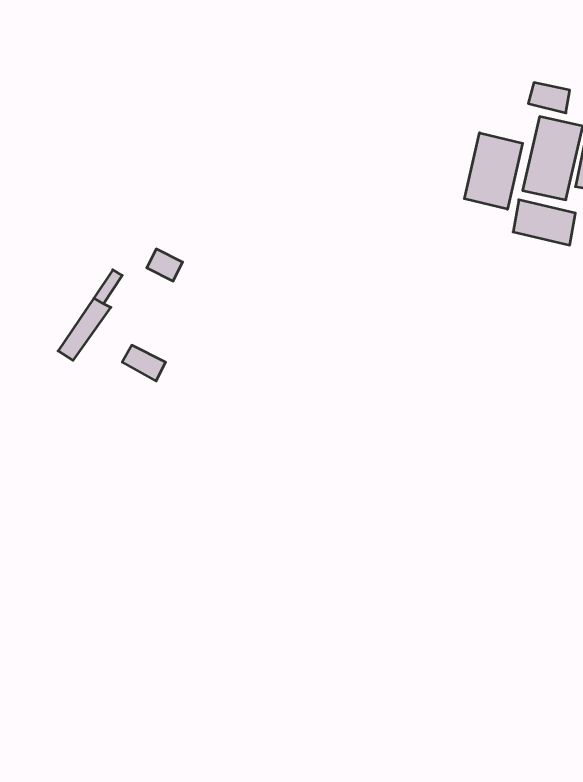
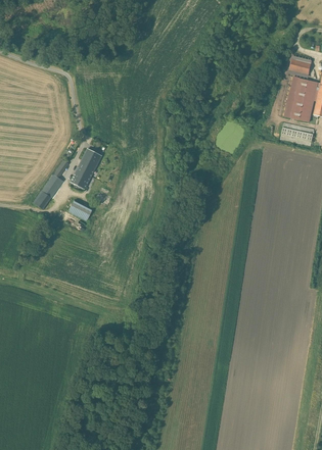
building: [464,133,523,209] -> none
building: none -> [70,159,95,190]

